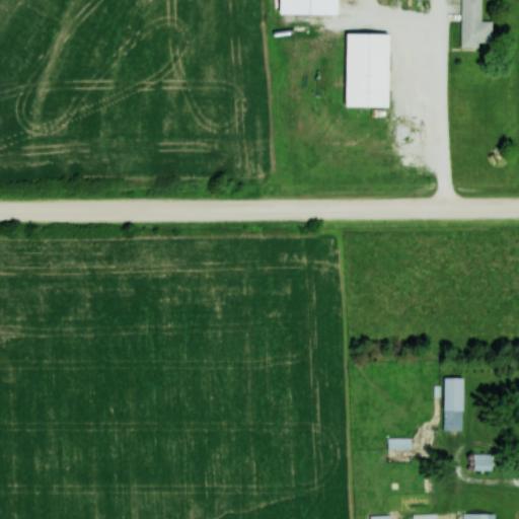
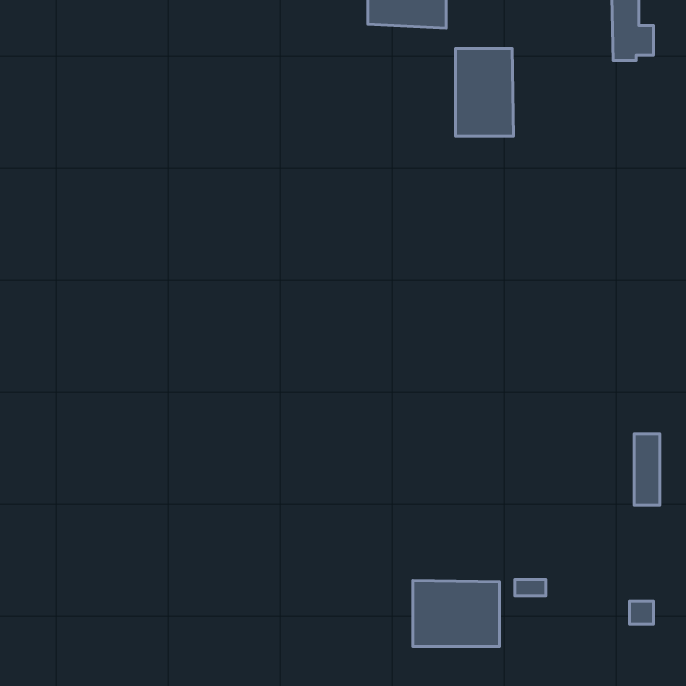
building: [445,375,464,429] -> [634,434,660,505]
building: none -> [413,580,500,647]

